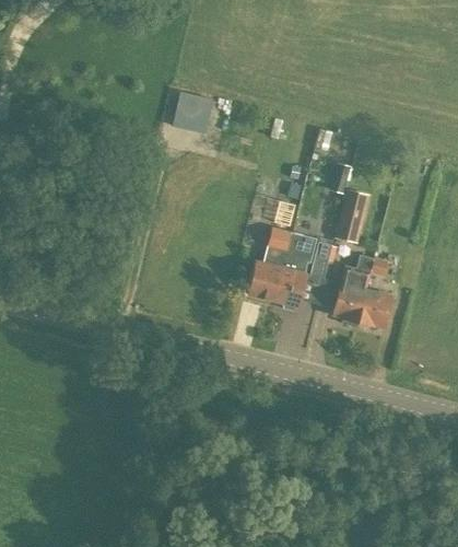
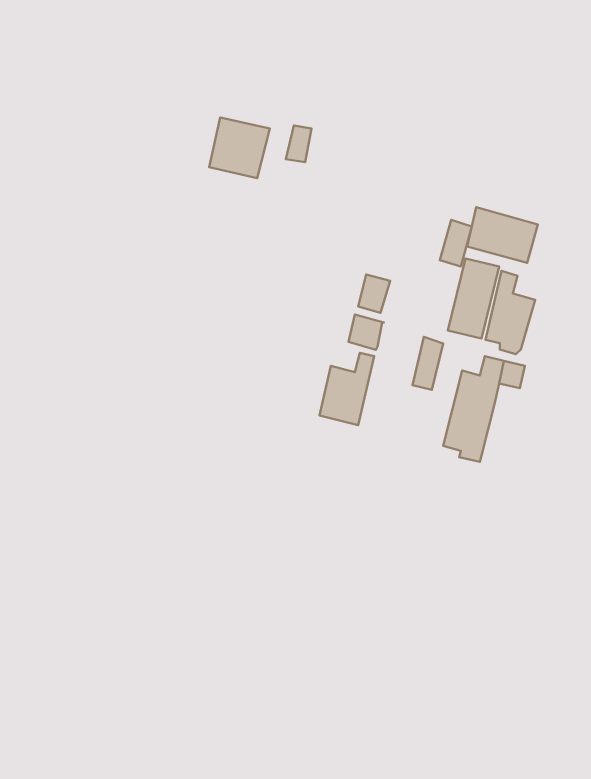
building: none -> [467,207,538,263]
building: [274,254,308,311] -> [485,271,535,354]
building: [359,287,392,328] -> none

